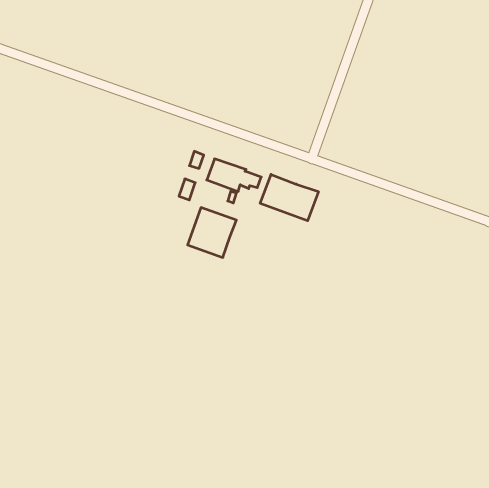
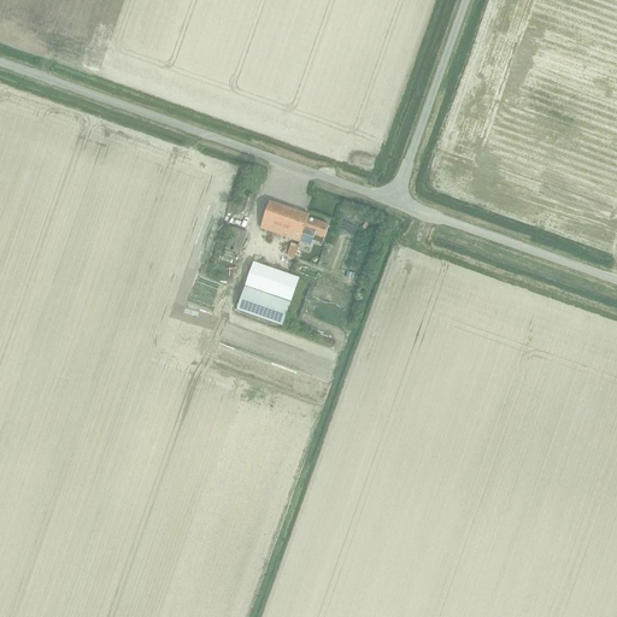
building: [260,174,318,221] -> none

